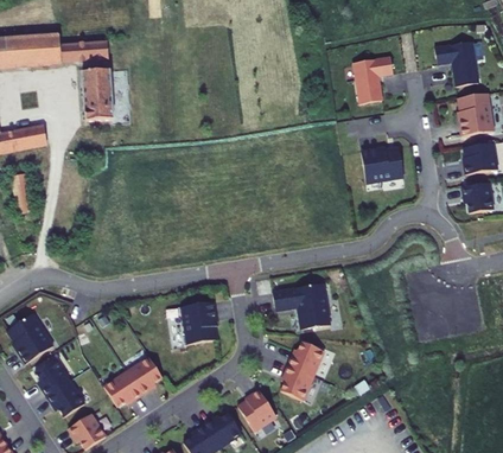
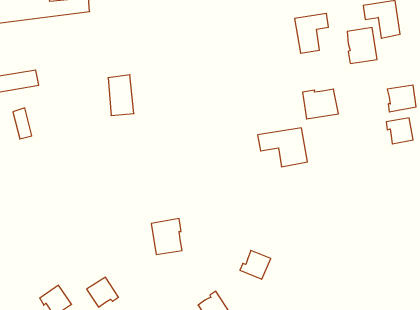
building: [81,69,112,117] -> [108,75,134,116]
building: [457,92,492,135] -> [347,28,377,63]
building: [272,283,331,330] -> [258,128,307,167]
building: [7,314,53,364] -> none
building: [126,357,163,395] -> none
building: [36,358,70,396] -> none
building: [279,363,312,398] -> none

